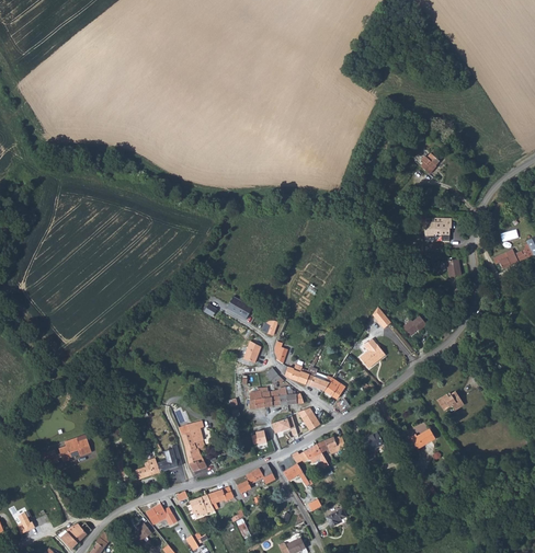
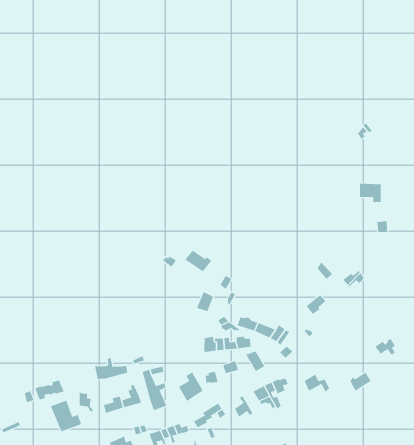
building: none -> [95,357,128,380]
building: none -> [178,372,203,402]
building: none -> [50,400,82,432]

